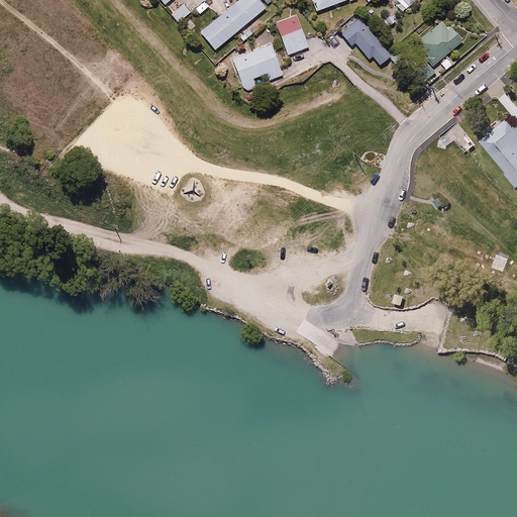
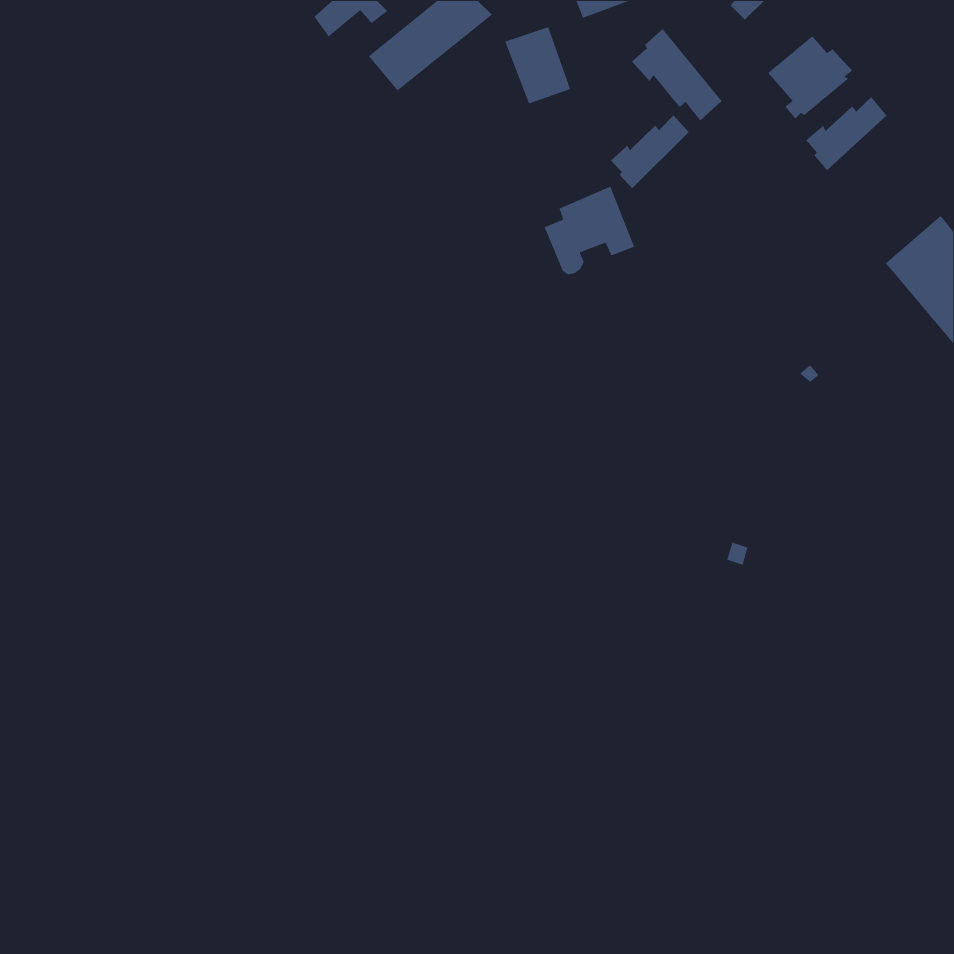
building: [233,41,283,90] -> [544,186,635,275]
building: none -> [805,96,888,171]
building: none -> [610,115,689,189]

